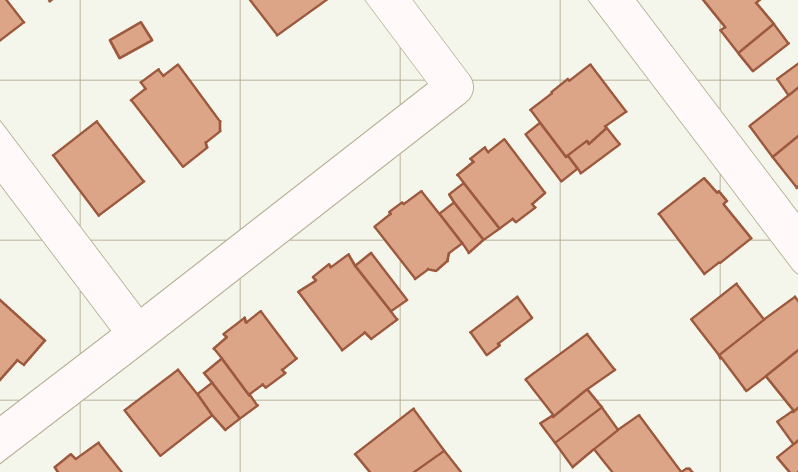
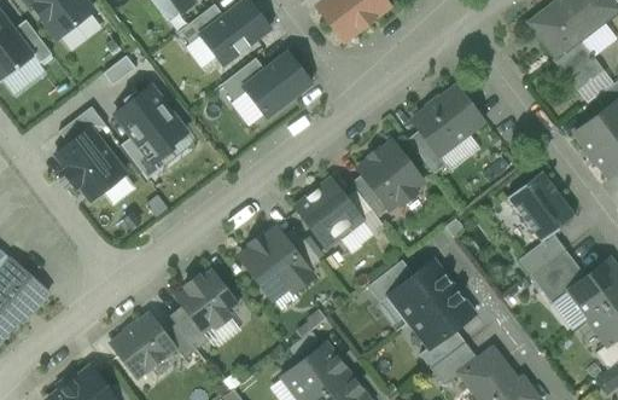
building: none -> [243,51,311,117]
building: none -> [518,233,565,276]
building: none -> [387,259,454,320]

